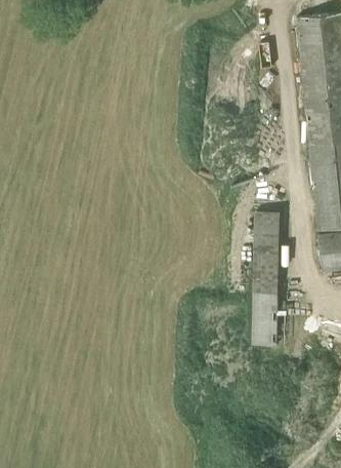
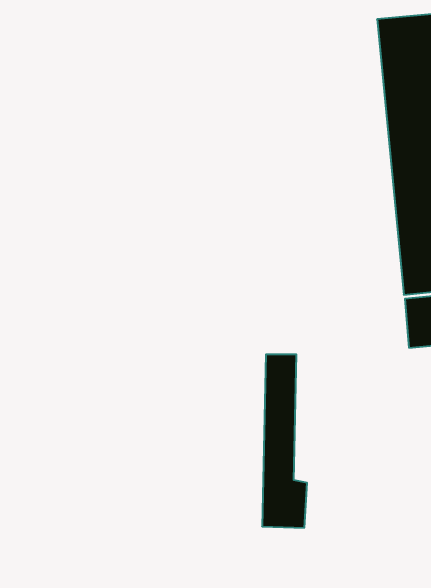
building: [250,211,285,346] -> [262,354,307,528]

